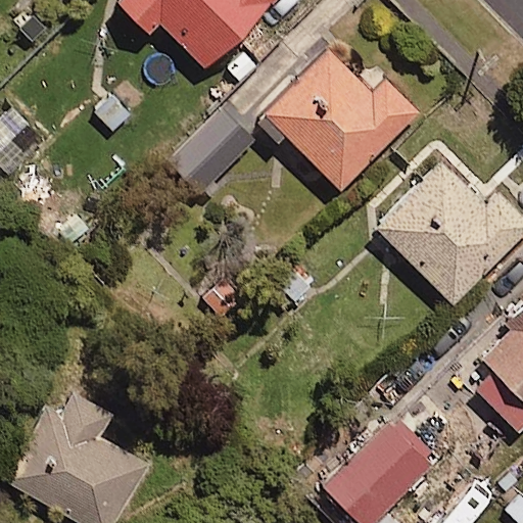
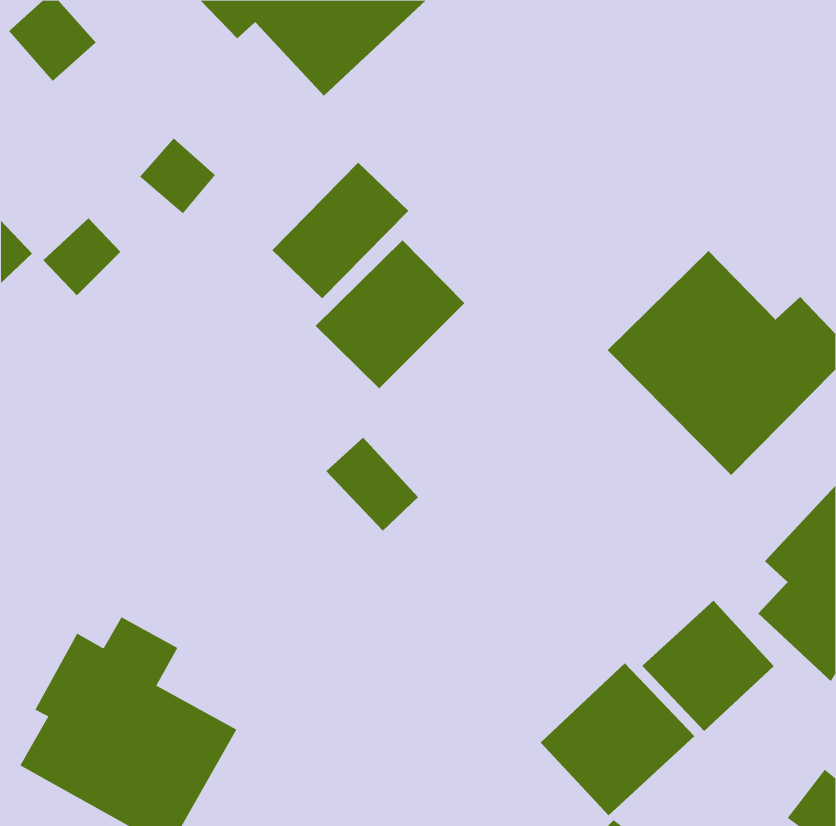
building: [257,47,416,188] -> none
building: none -> [315,239,465,389]
building: none -> [642,600,775,732]

